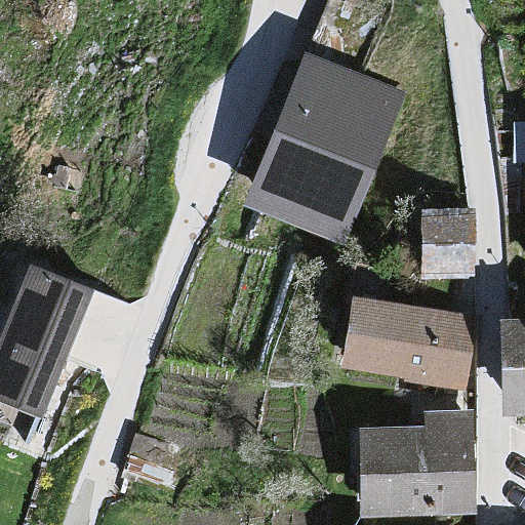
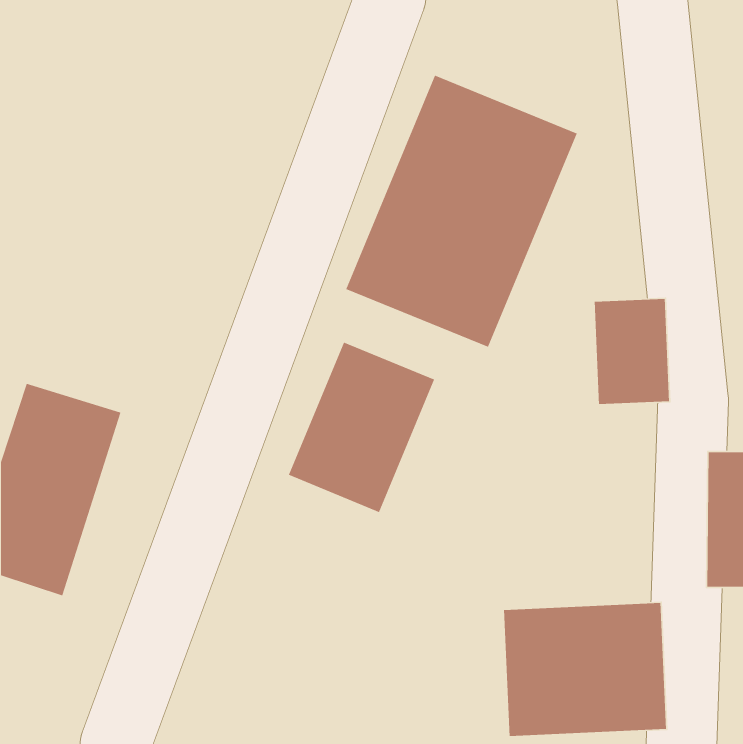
building: none -> [288,341,435,513]
building: [341,294,474,391] -> none

